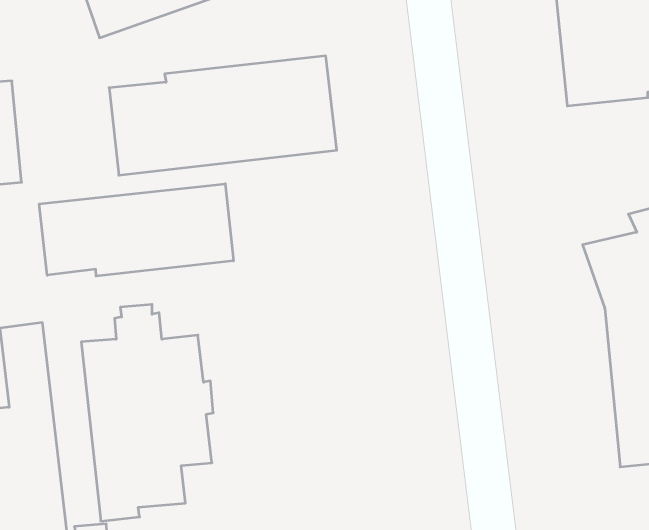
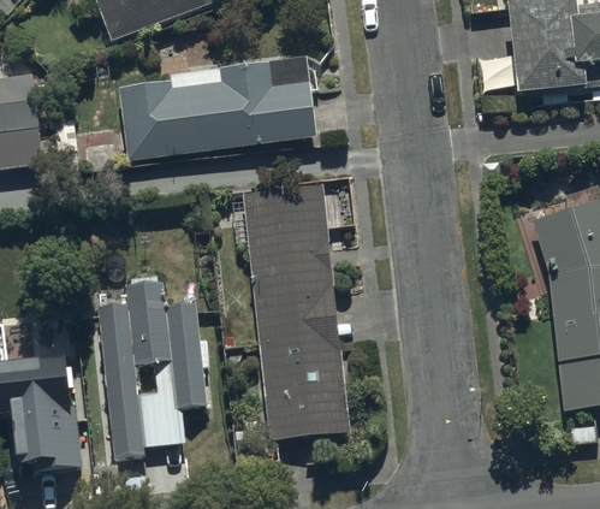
building: [39,184,233,276] -> none
building: none -> [243,182,350,442]

